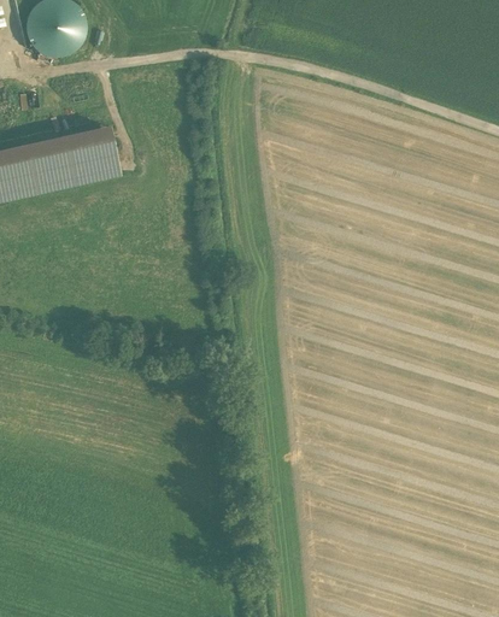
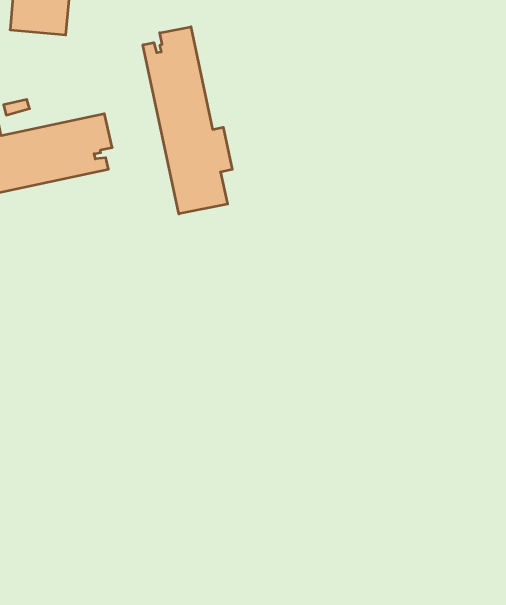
building: none -> [143,27,232,214]

